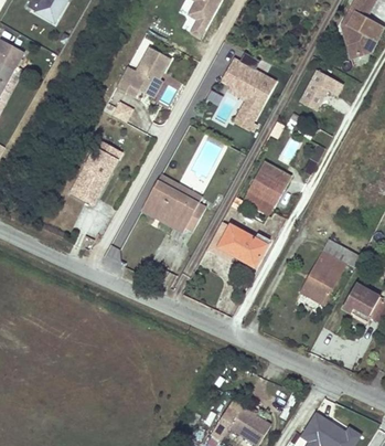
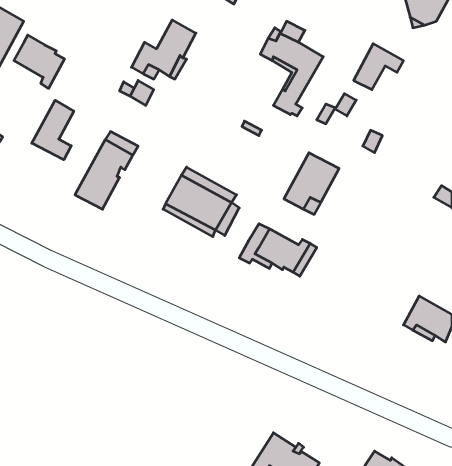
building: none -> [14,35,64,88]
building: none -> [32,100,74,160]
building: [300,237,360,305] -> none

